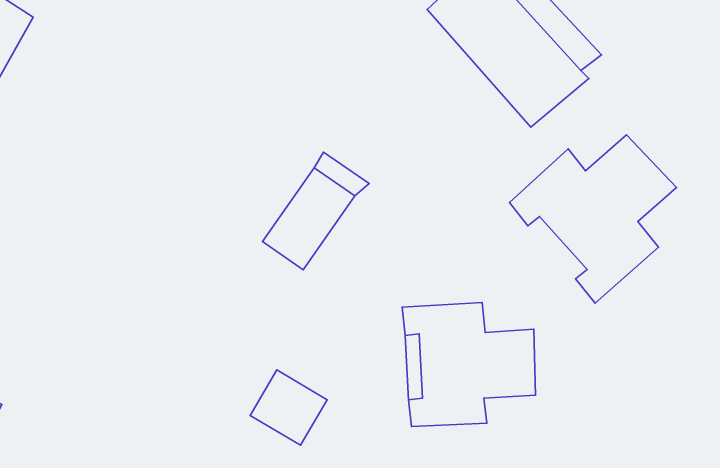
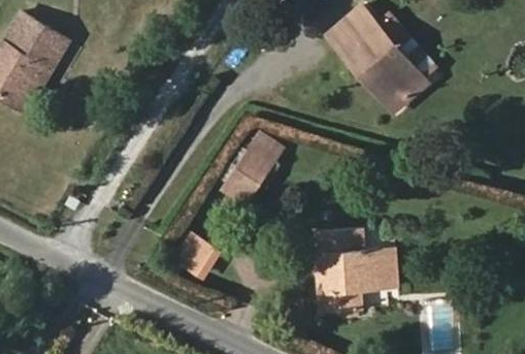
building: [509,135,677,303] -> none
building: [250,370,327,445] -> [171,228,222,278]

